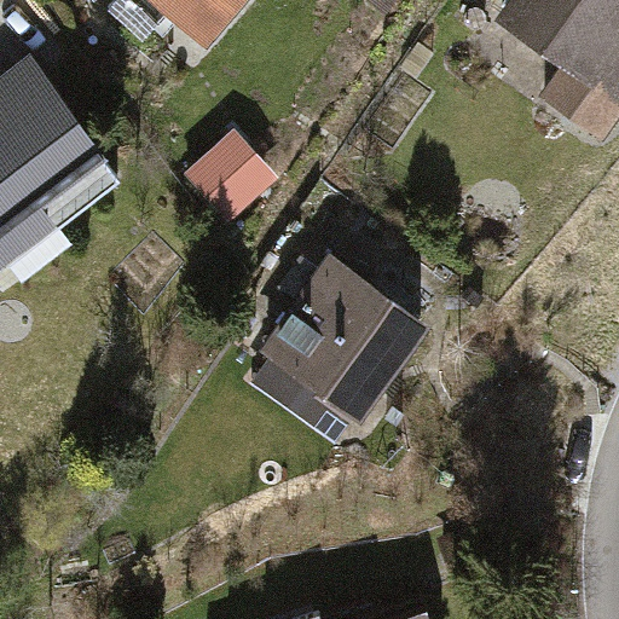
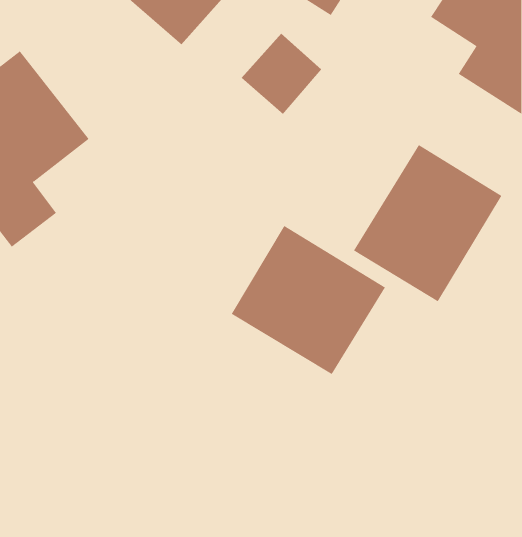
building: [170,117,264,212] -> [241,33,322,115]
building: none -> [353,144,502,302]

